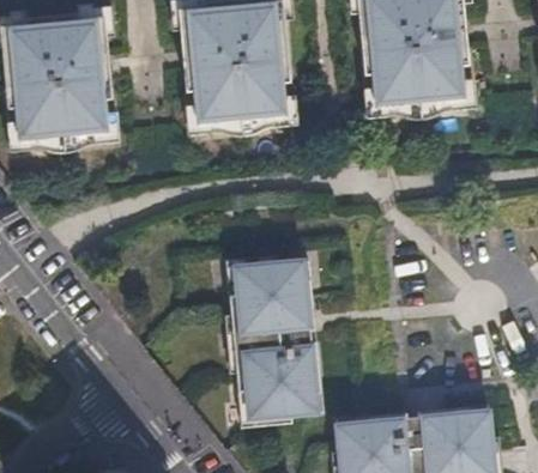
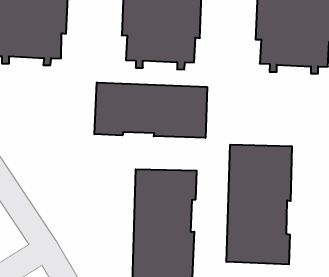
building: none -> [94,82,207,138]
building: none -> [226,145,292,264]

